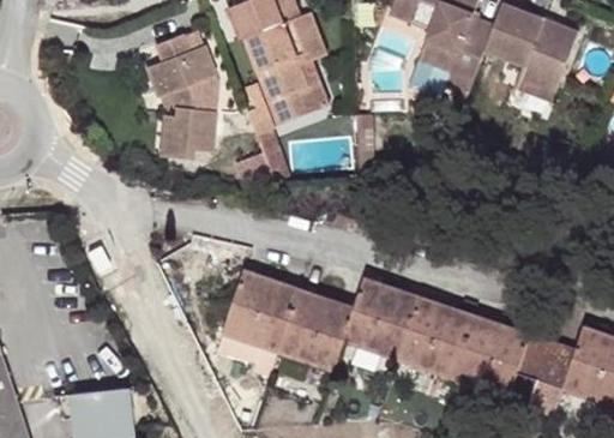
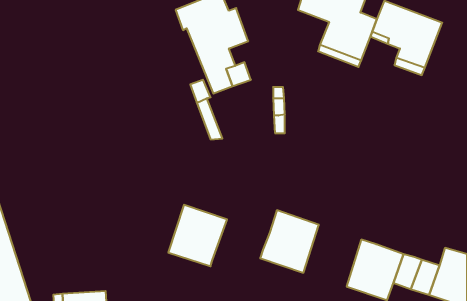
building: [145,35,213,158] -> none
building: [275,289,351,368] -> none
building: [396,296,471,377] -> none

